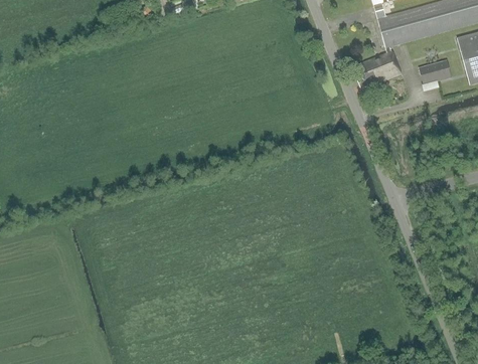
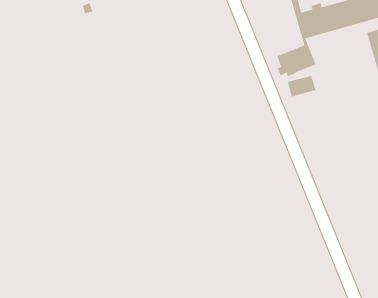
building: [419,59,452,84] -> [287,75,316,98]

